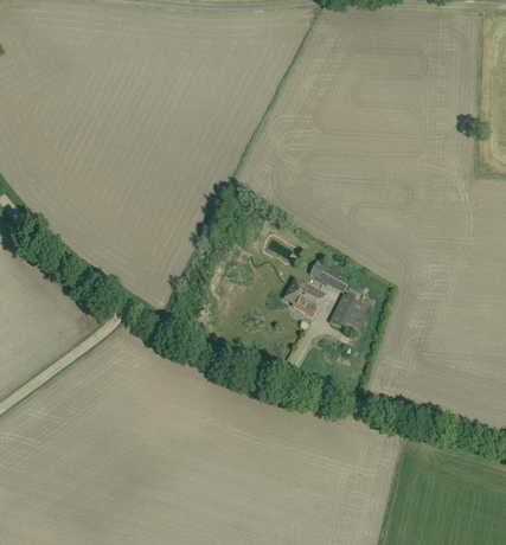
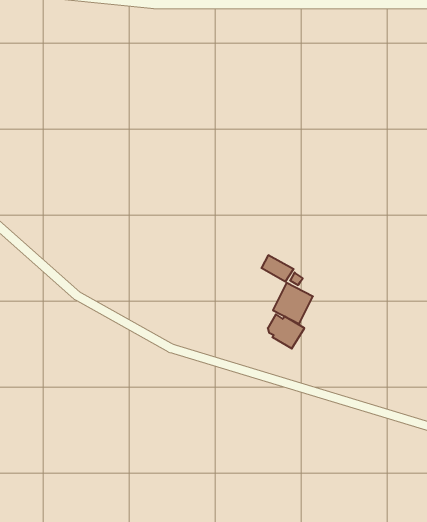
building: [286,282,324,318] -> [268,314,304,349]

